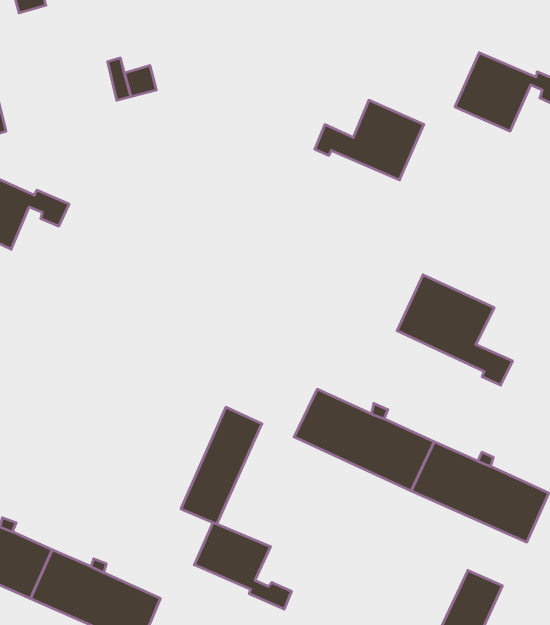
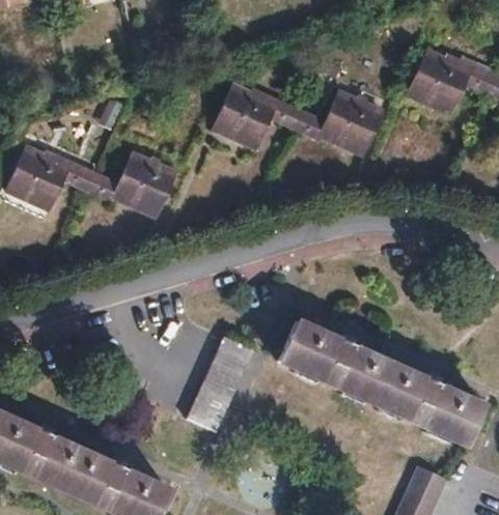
building: none -> [215,85,303,148]
building: none -> [88,152,176,216]
building: [397,275,512,385] -> none
building: [194,523,291,609] -> none

